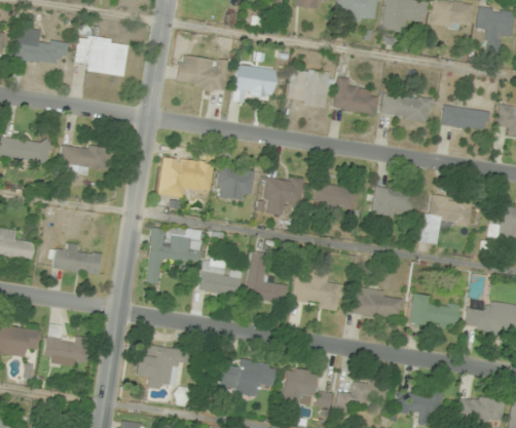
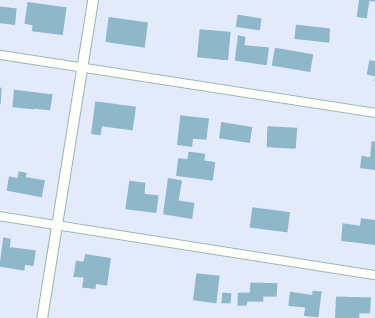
building: none -> [235,14,262,31]
building: [231,64,274,99] -> none
building: [441,106,487,129] -> [293,24,331,43]
building: [217,167,254,199] -> none
building: [421,196,471,245] -> none
building: [146,228,200,284] -> none
building: [291,272,341,309] -> [175,151,216,181]
building: [407,294,457,328] -> none
building: [219,360,274,395] -> none

